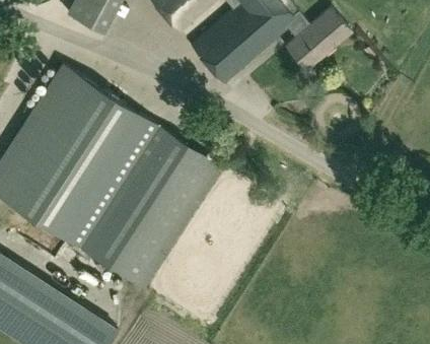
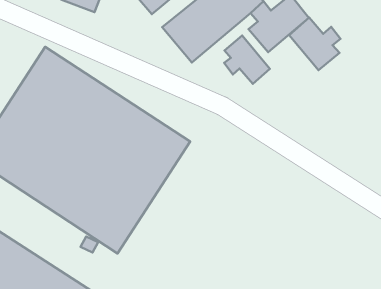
building: none -> [289,18,340,70]
building: none -> [224,36,270,84]

